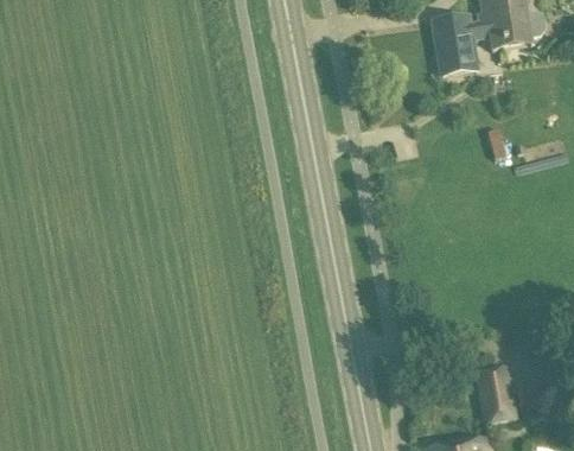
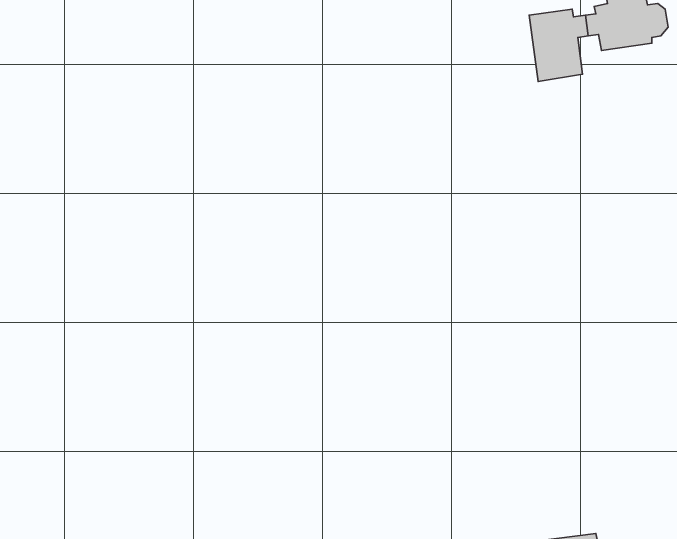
building: [473,364,515,423] -> none

